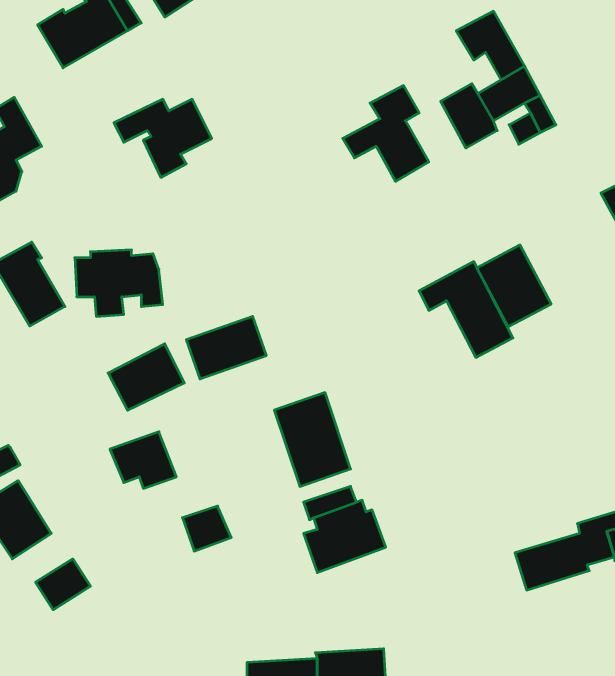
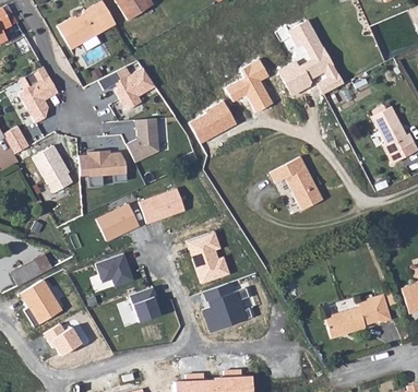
building: none -> [190,100,235,142]
building: none -> [126,117,158,162]
building: [477,245,551,327] -> none

